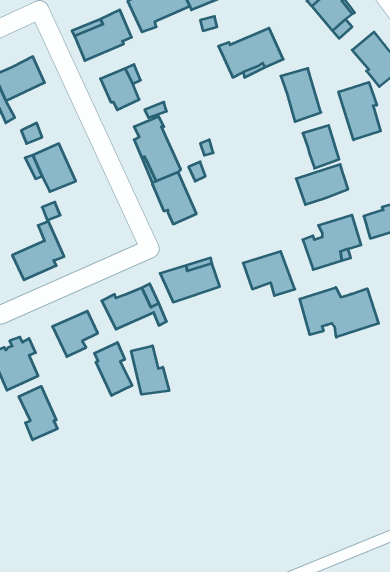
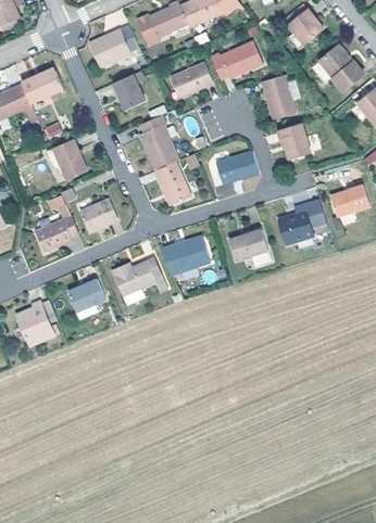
building: none -> [168,66,212,103]
building: [339,82,381,140] -> none
building: [296,164,348,205] -> [214,152,258,186]
building: none -> [79,200,116,233]
building: [300,287,379,337] -> none
building: [94,342,132,396] -> none
building: [131,346,169,394] -> none
building: [19,386,57,440] -> none

